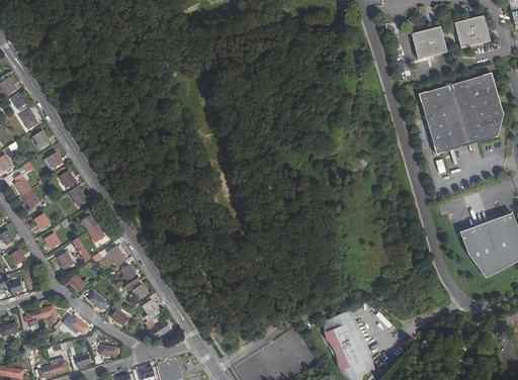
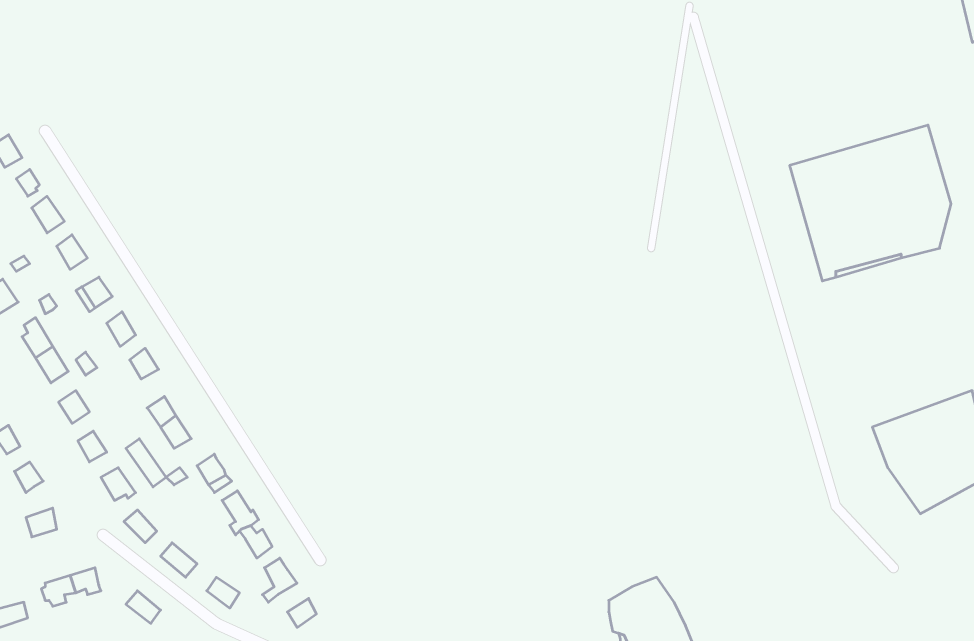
building: [453,15,489,49] -> none
building: [410,26,445,60] -> none

